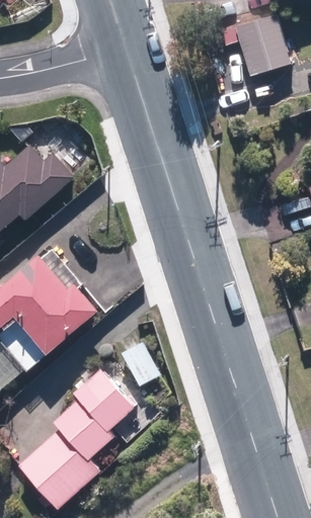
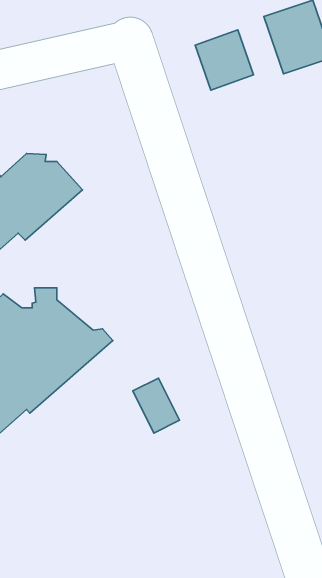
building: none -> [195,30,253,90]
building: [16,367,134,509] -> none

